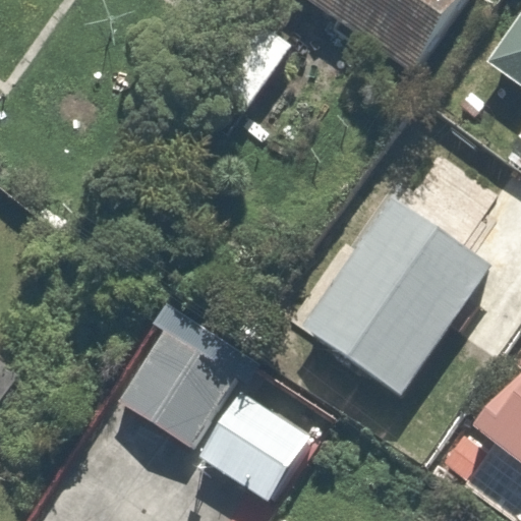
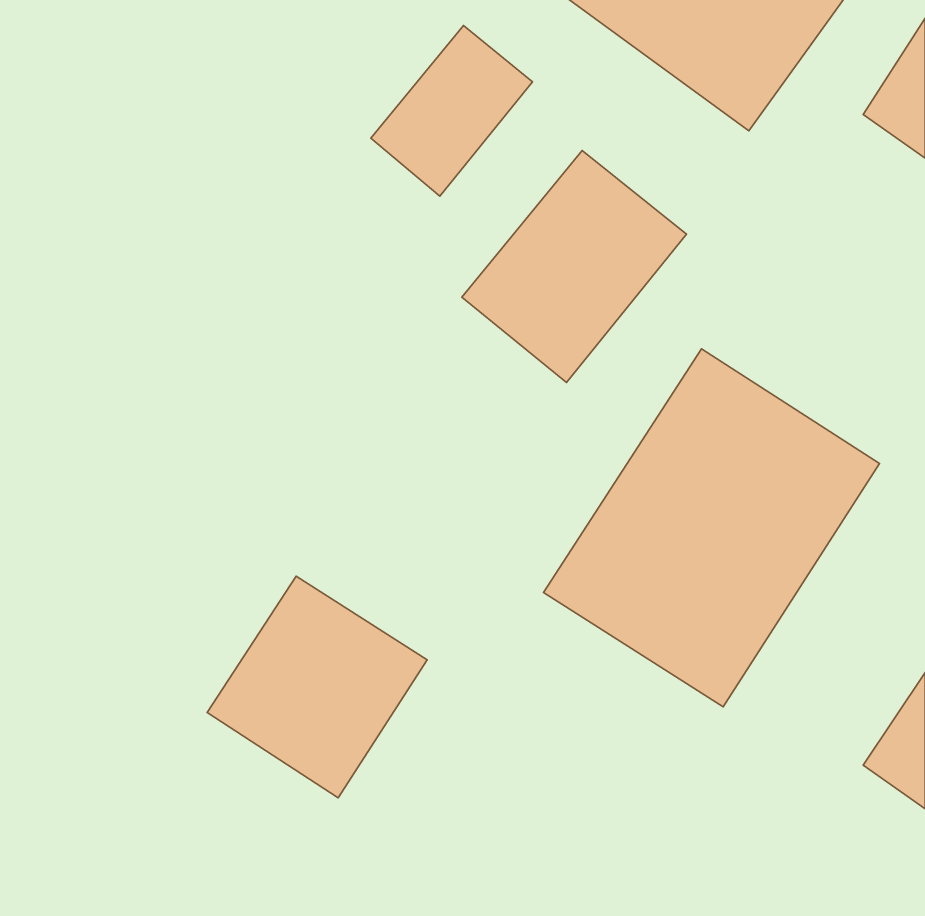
building: none -> [462,151,687,382]
building: [197,386,311,499] -> none

